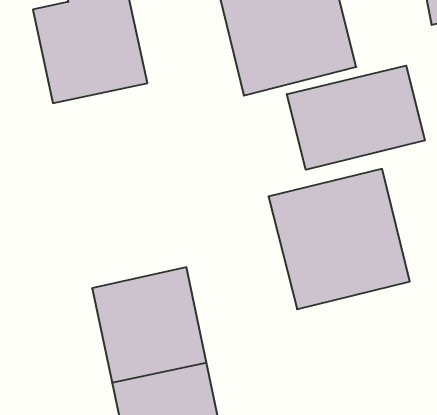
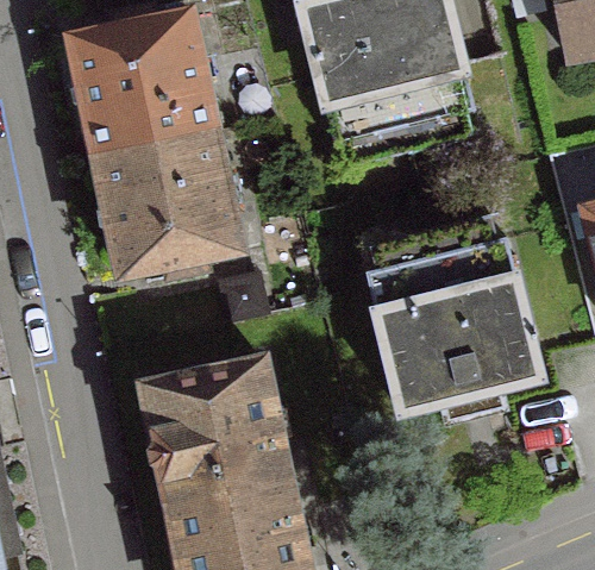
building: [287,66,425,170] -> none
building: none -> [93,129,236,276]

